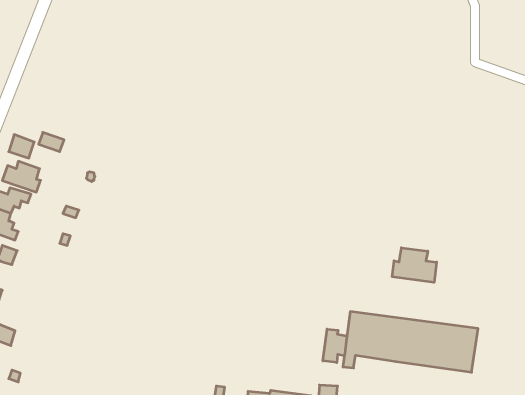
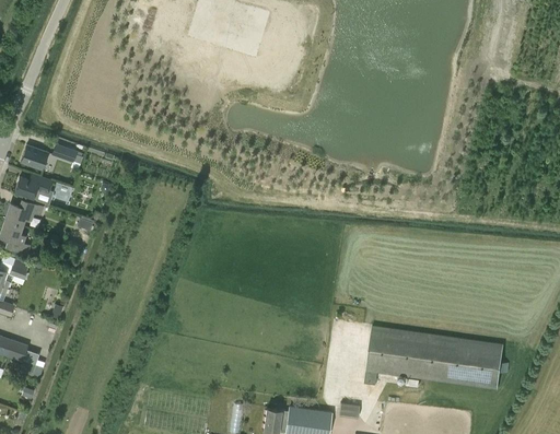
building: [392,248,437,282] -> none
building: [323,329,347,363] -> none

